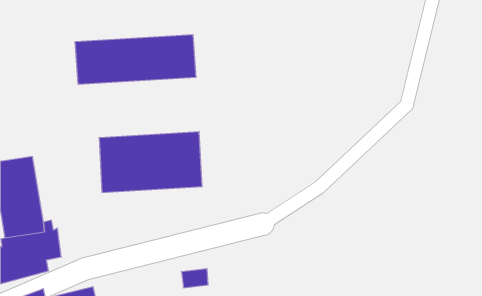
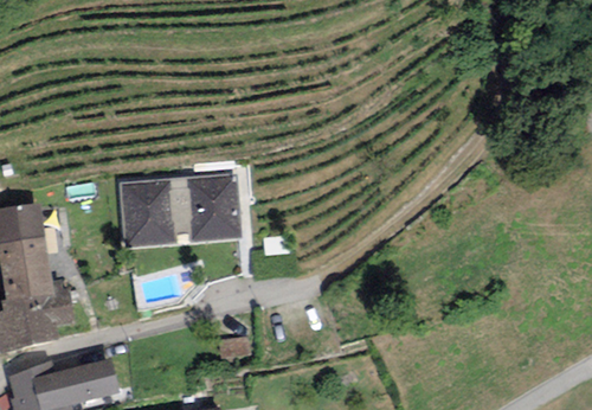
building: [75,35,196,84] -> none

